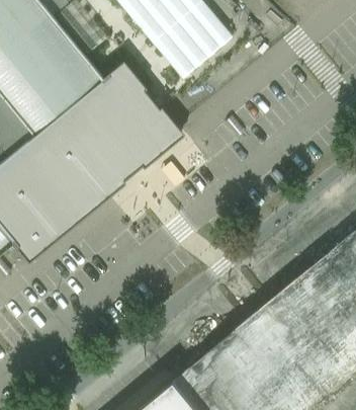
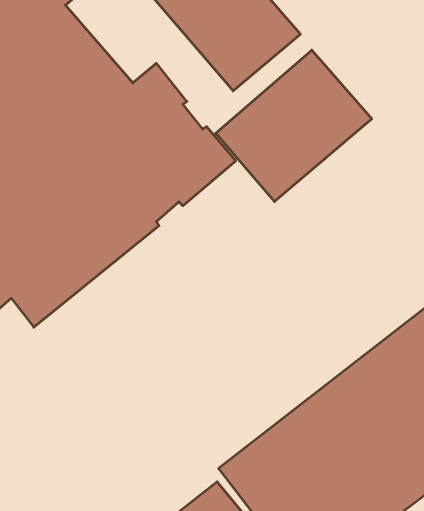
building: none -> [216,50,372,202]

